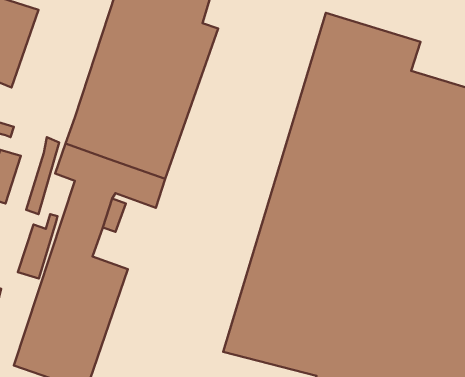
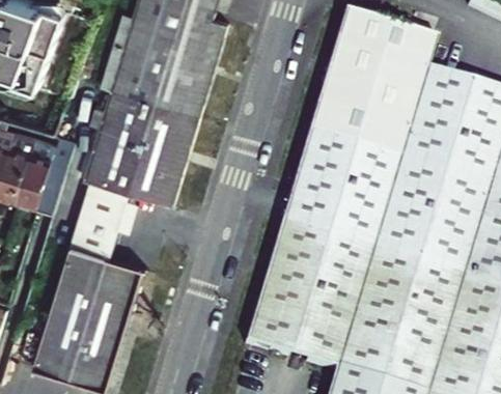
building: [18,214,57,279] -> [23,147,62,212]

